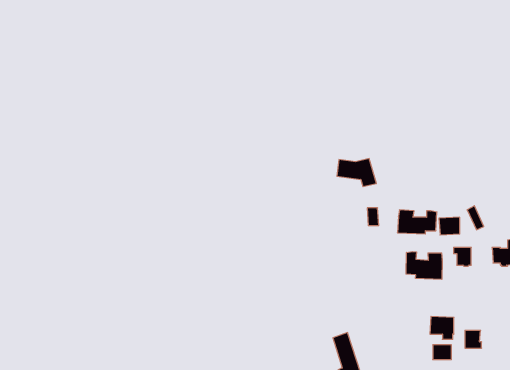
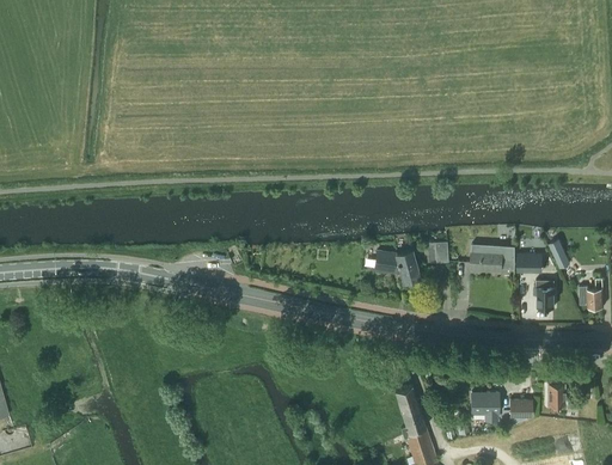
building: [337,159,376,187] -> [374,249,420,281]
building: [406,252,442,279] -> none
building: [430,316,454,339] -> [471,392,498,418]

